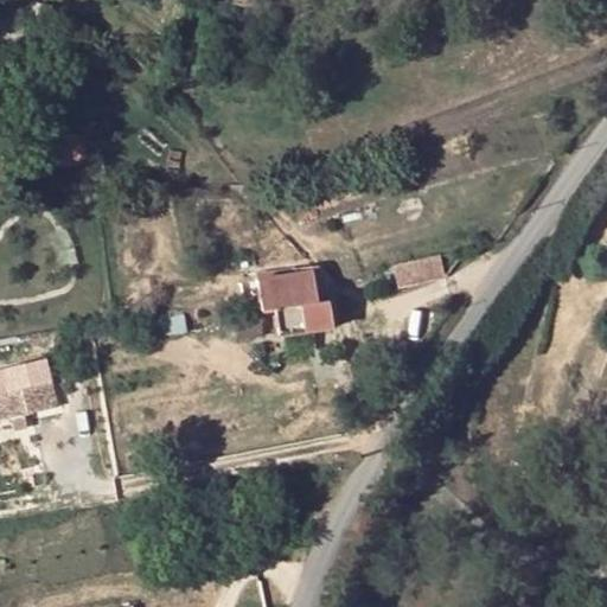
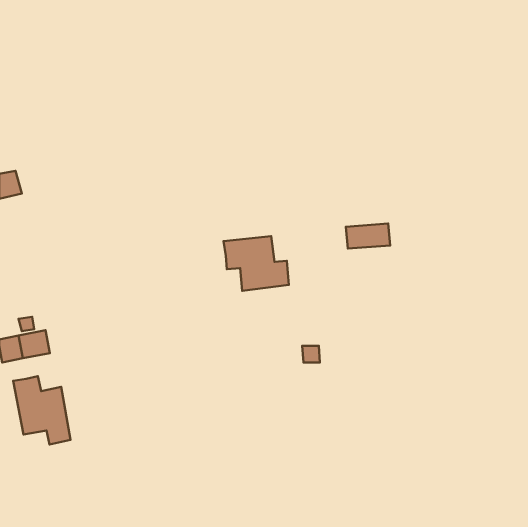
building: none -> [13,376,70,444]

